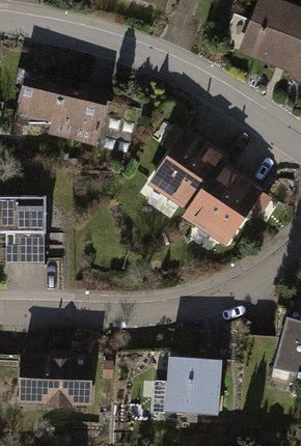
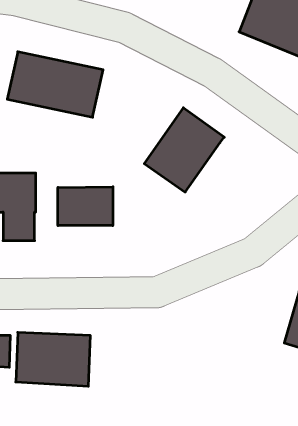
building: [184,166,261,247] -> none
building: none -> [58,187,113,226]
building: [169,358,222,407] -> none

